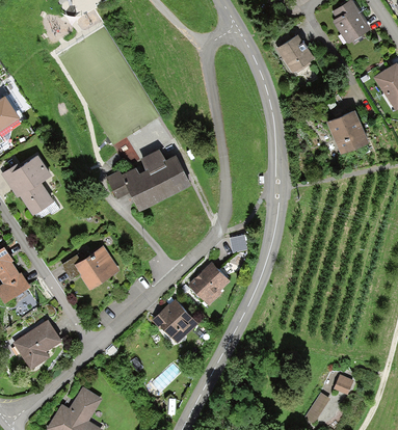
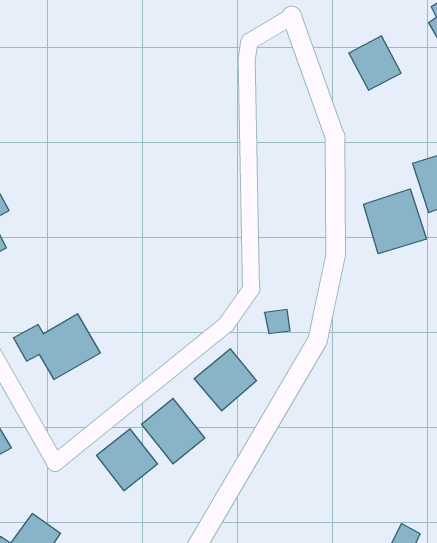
building: none -> [363,189,427,254]
building: [102,151,189,213] -> none
building: none -> [97,429,157,491]

